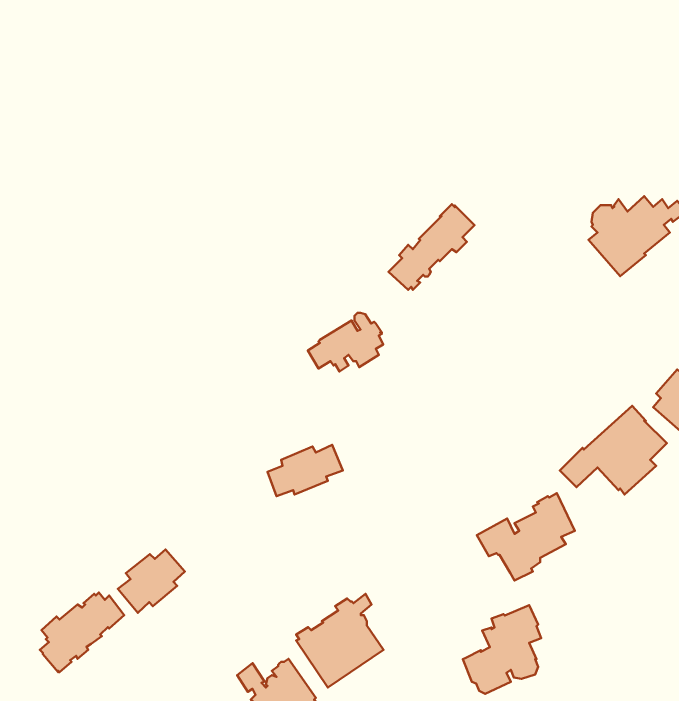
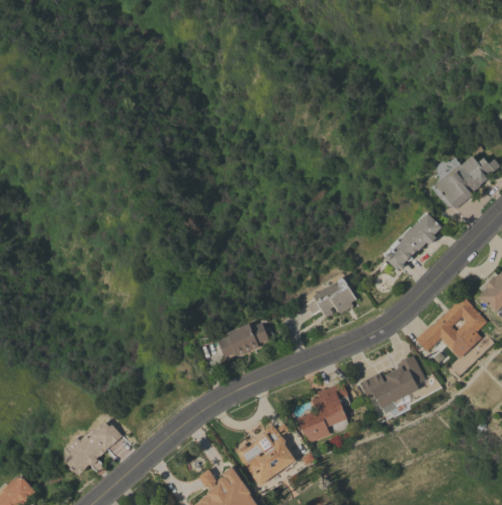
building: [389,204,474,290] -> [384,213,441,270]
building: [308,313,383,372] -> [306,278,356,318]
building: [118,550,185,613] -> none
building: [463,605,541,694] -> [298,383,350,442]

